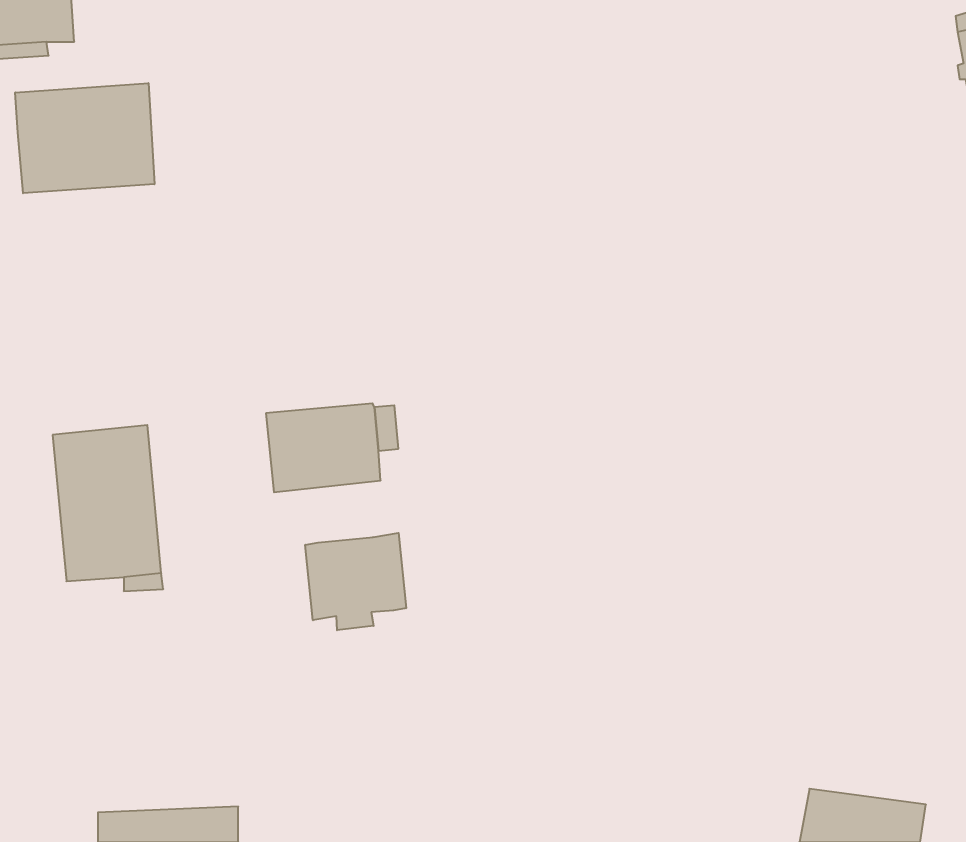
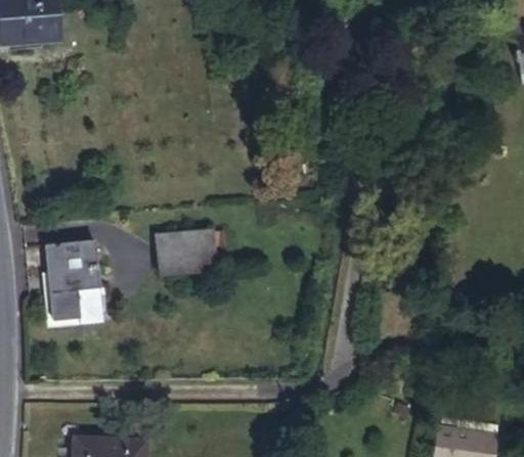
building: [15,83,154,193] -> none
building: [305,533,406,630] -> none

